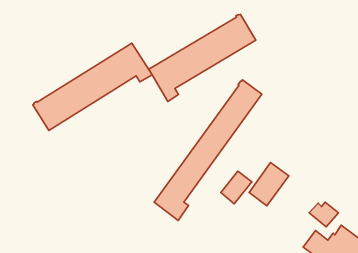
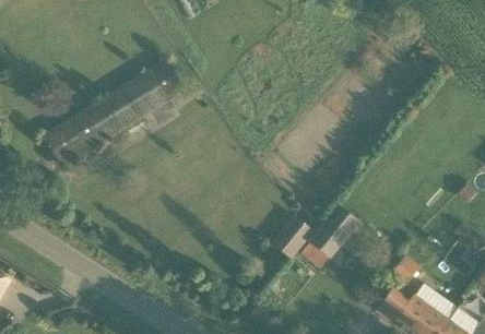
building: [149,14,256,102] -> none
building: [154,80,262,221] -> none

